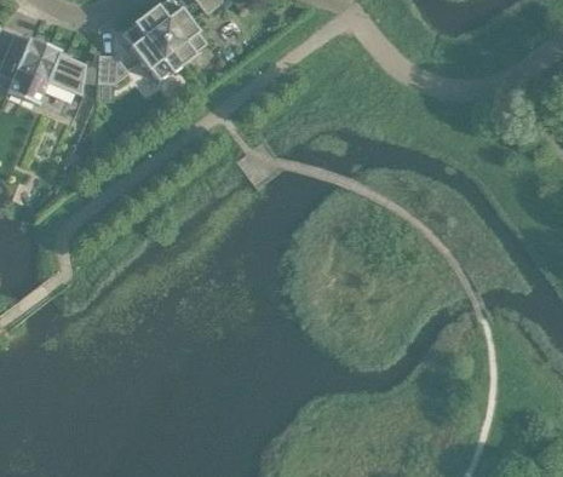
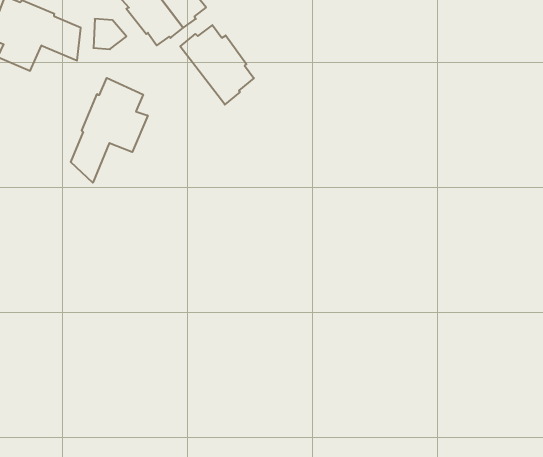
building: none -> [180,25,254,105]
building: none -> [71,78,148,183]

